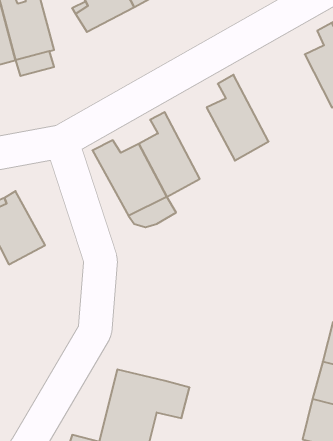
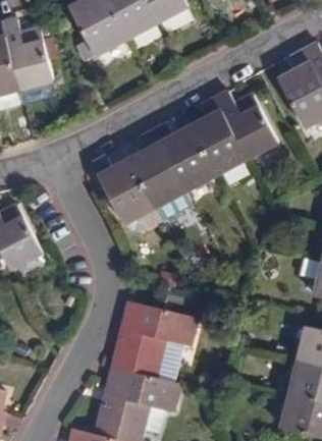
building: none -> [216,95,277,161]
building: none -> [154,127,217,195]
building: none -> [111,300,194,377]

